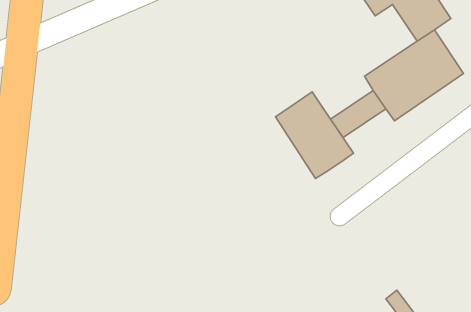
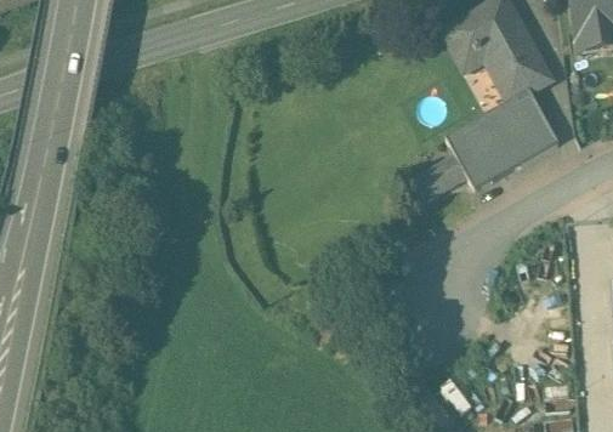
building: [275,92,353,178] -> none

